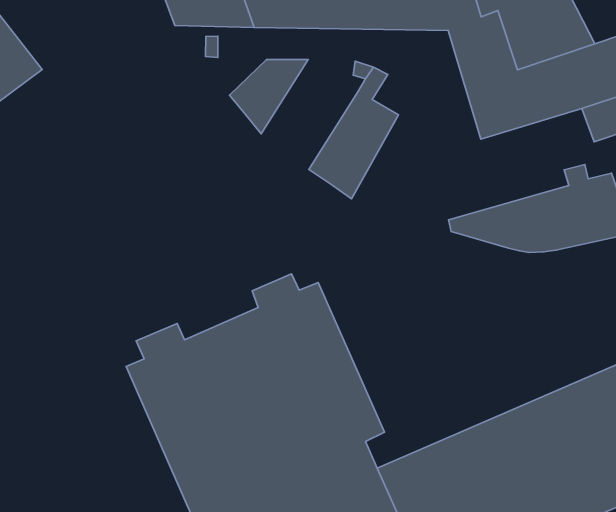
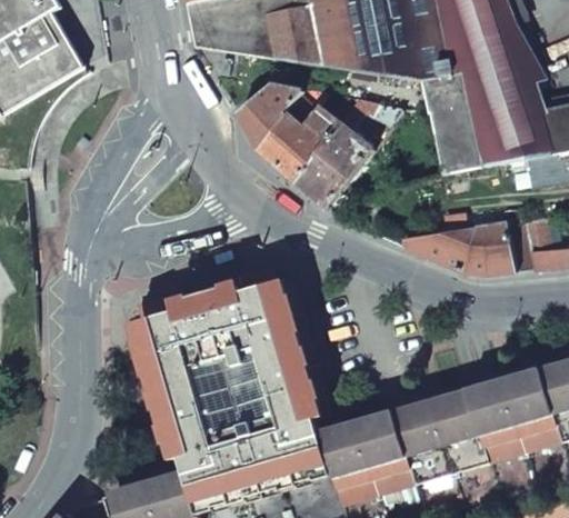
building: none -> [257,84,341,176]

